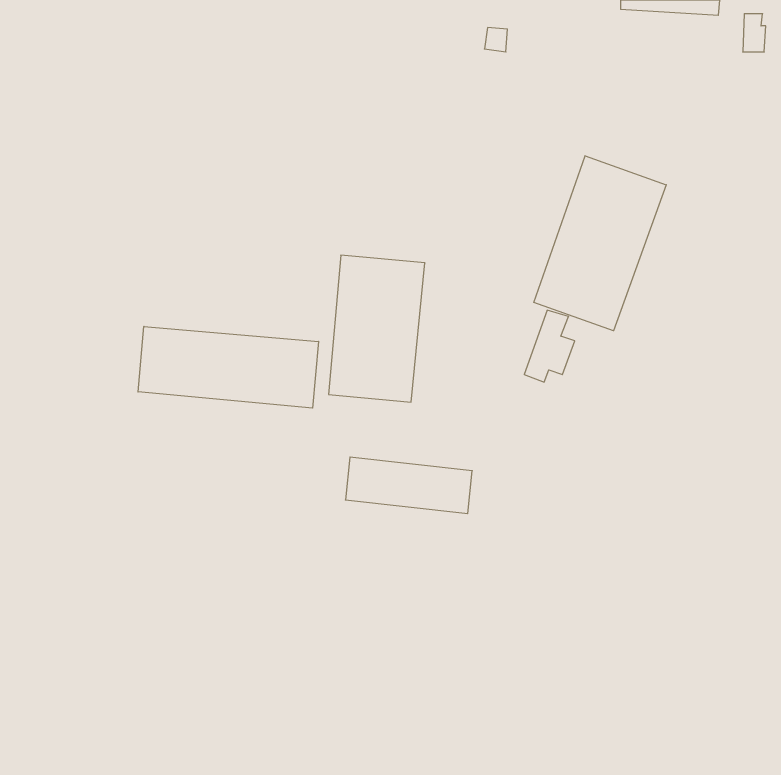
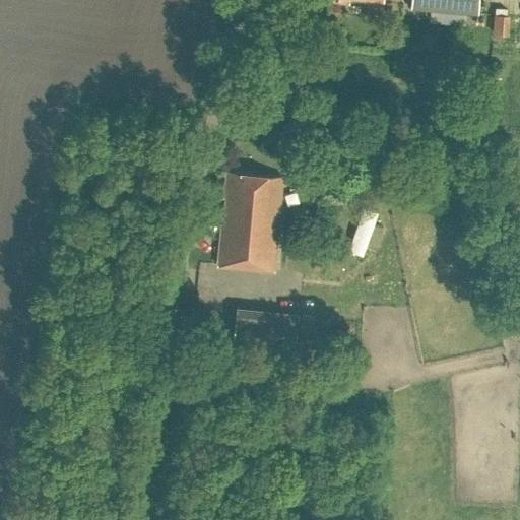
building: [534,156,666,331] -> none
building: [138,326,319,408] -> none

